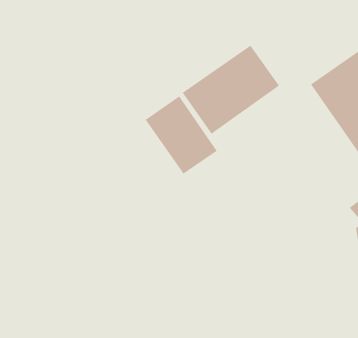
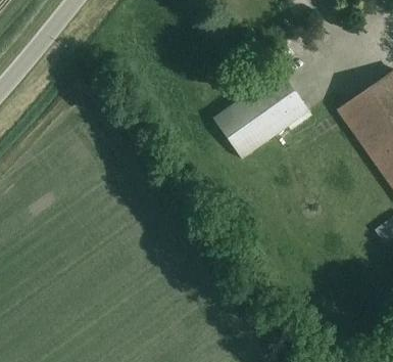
building: [145,95,218,175] -> none

